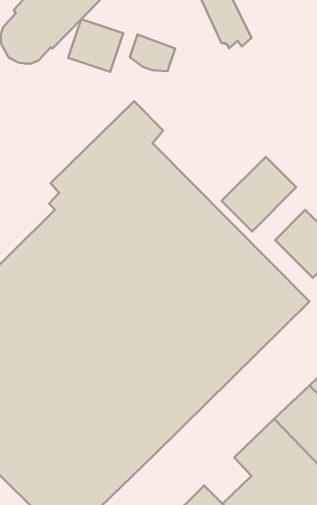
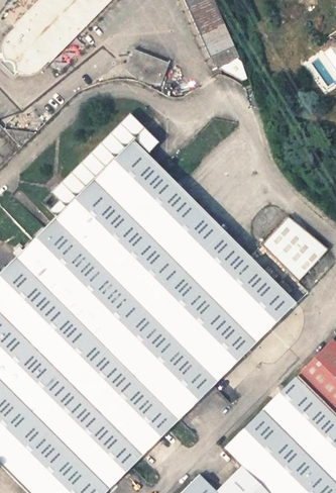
building: [68,19,123,72] -> none
building: [222,157,296,231] -> none

